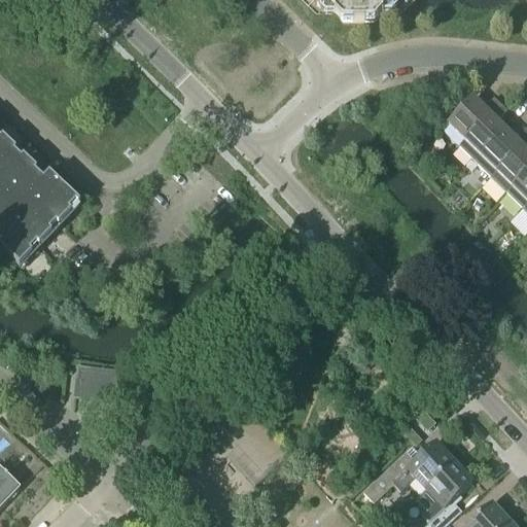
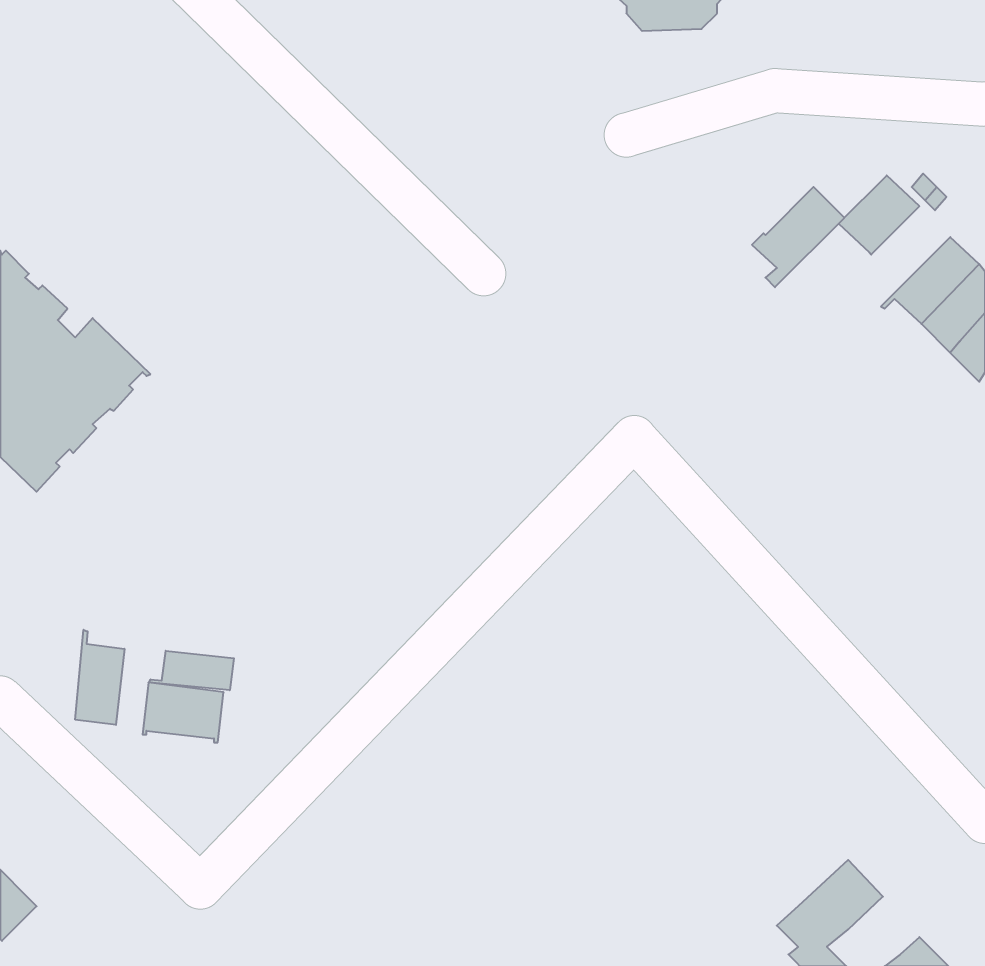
building: [458,110,507,164] -> [752,187,844,287]
building: none -> [75,630,124,725]
building: none -> [149,651,234,690]
building: [363,440,453,497] -> none

